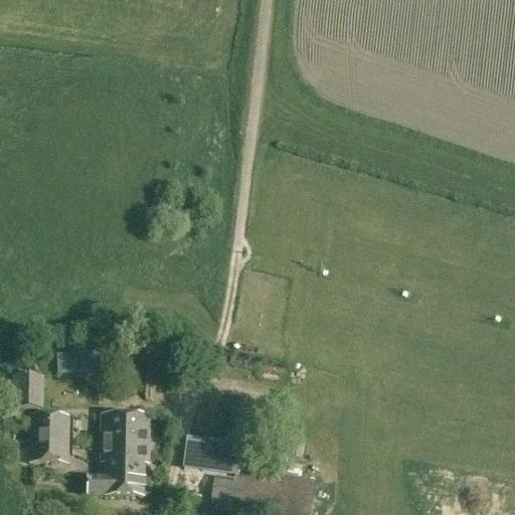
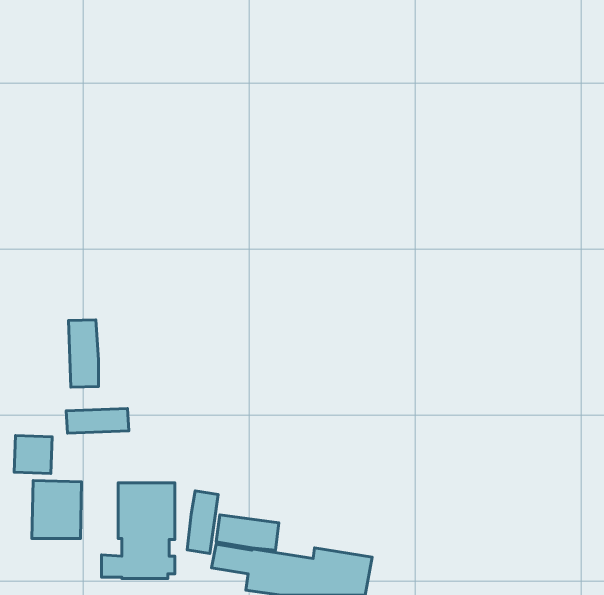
building: none -> [68,320,99,387]
building: none -> [187,491,218,553]

